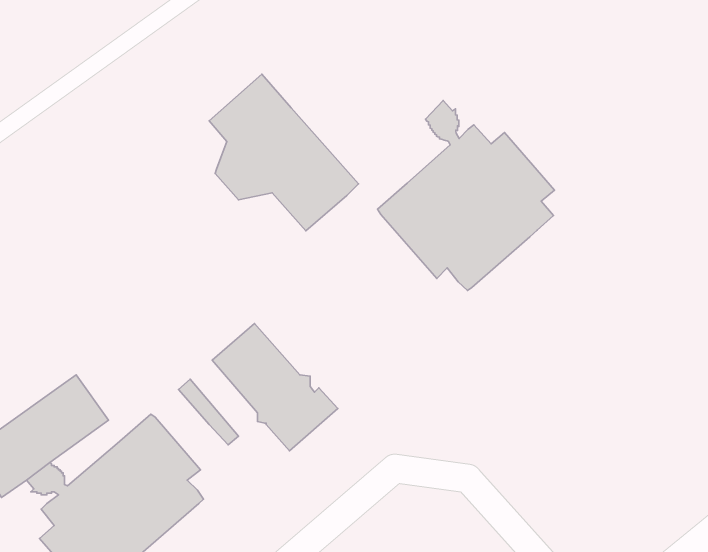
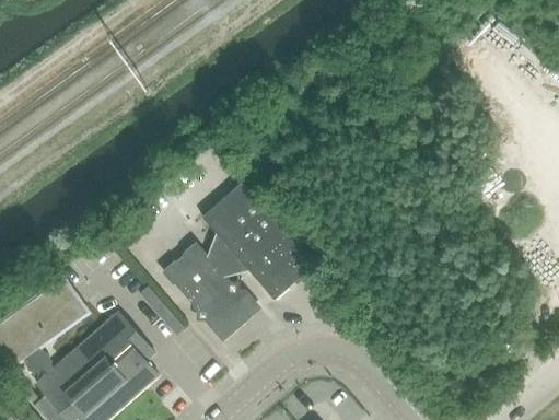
building: [209,74,358,231] -> [202,182,314,299]
building: [378,100,554,291] -> none

